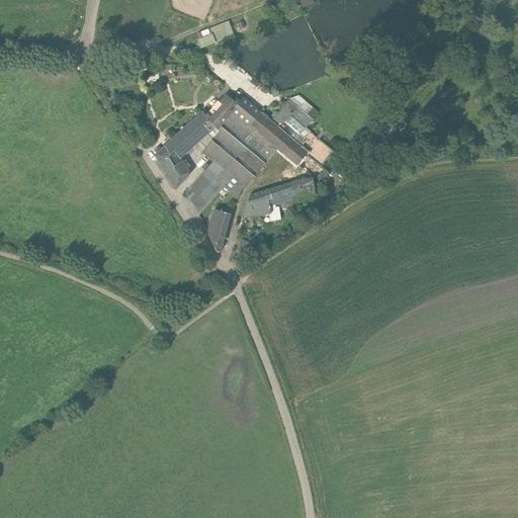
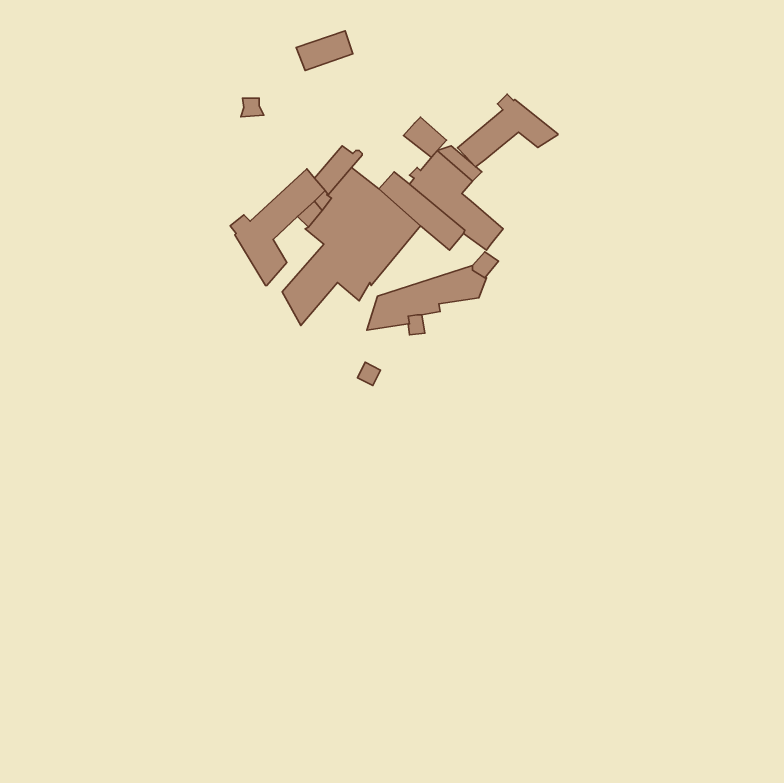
building: none -> [457,94,558,167]
building: [232,98,260,124] -> [404,117,447,157]
building: [207,209,230,252] -> none

